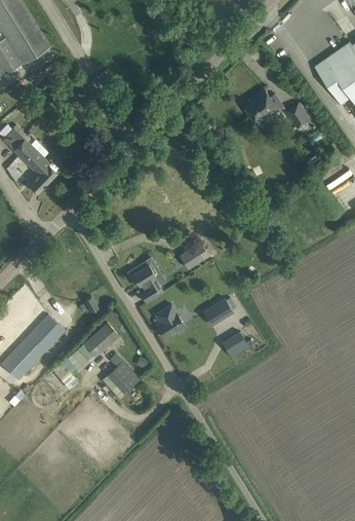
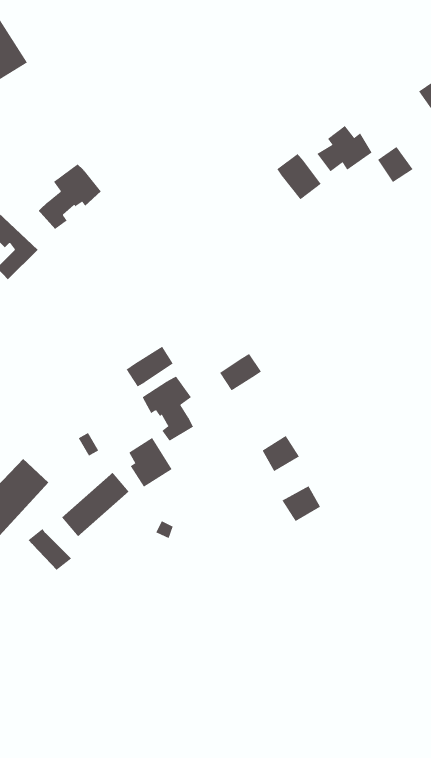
building: none -> [277,153,322,200]
building: none -> [37,164,101,230]
building: none -> [126,346,174,387]
building: [154,304,184,338] -> [128,437,172,487]
building: [107,362,140,394] -> none

